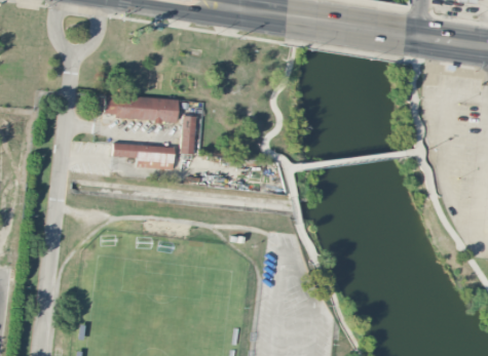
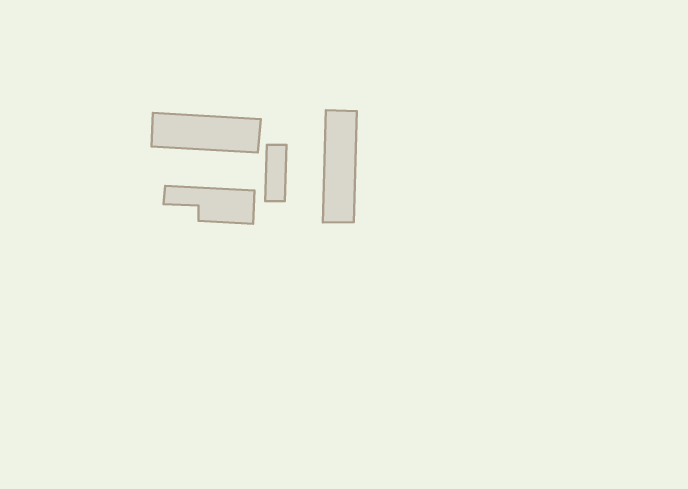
building: none -> [323,110,357,222]

